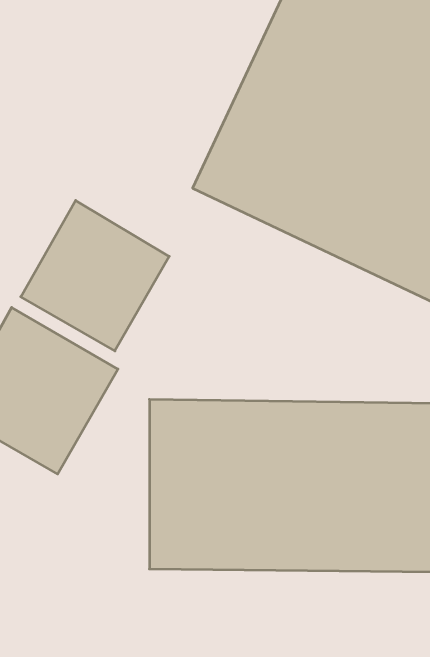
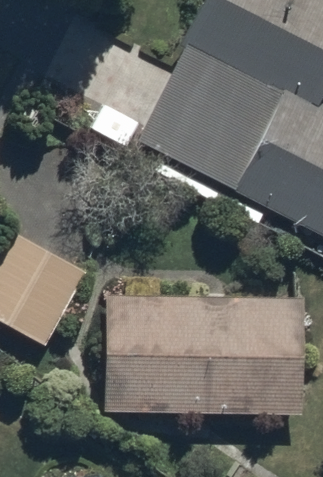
building: [21,200,169,351] -> none

